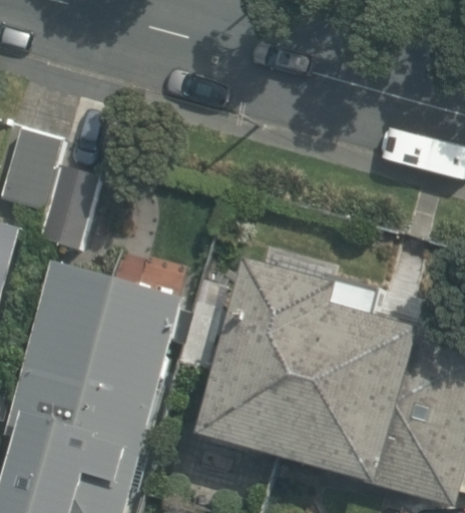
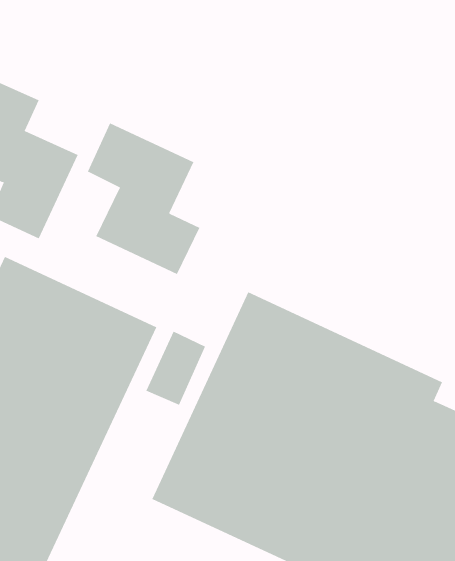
building: none -> [87,123,200,275]

